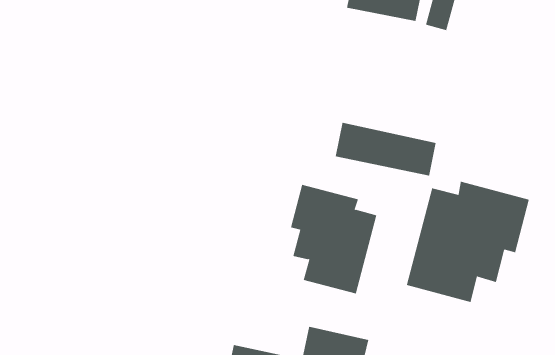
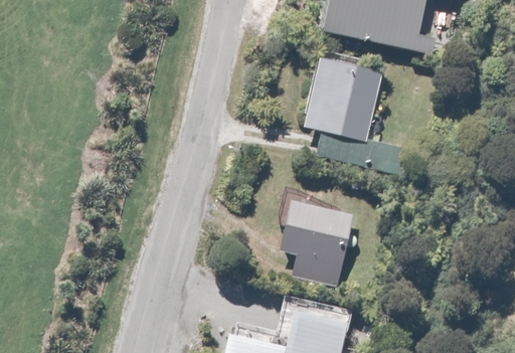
building: none -> [307,60,382,138]
building: [406,181,530,303] -> none

